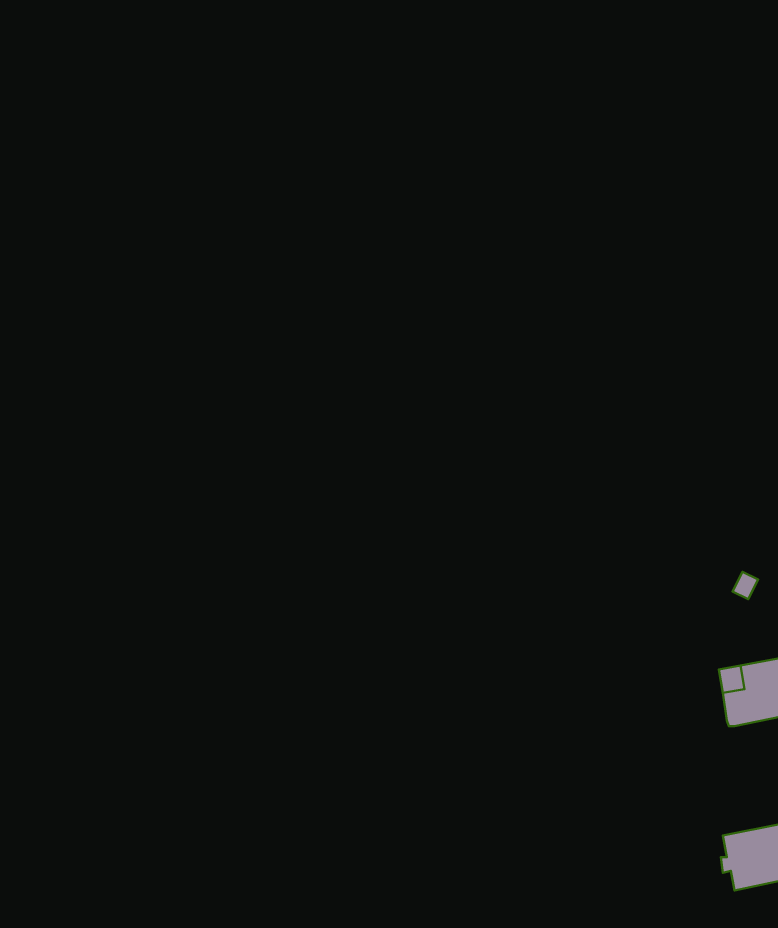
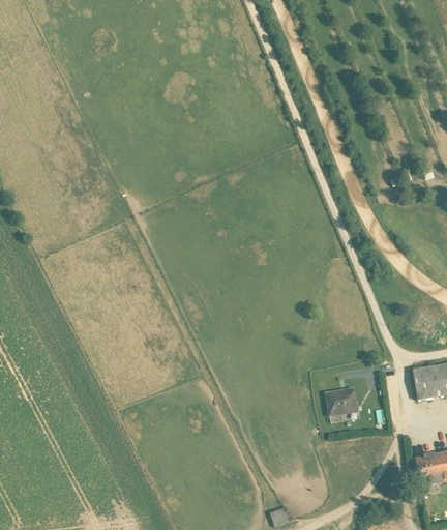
building: none -> [326,388,357,412]

